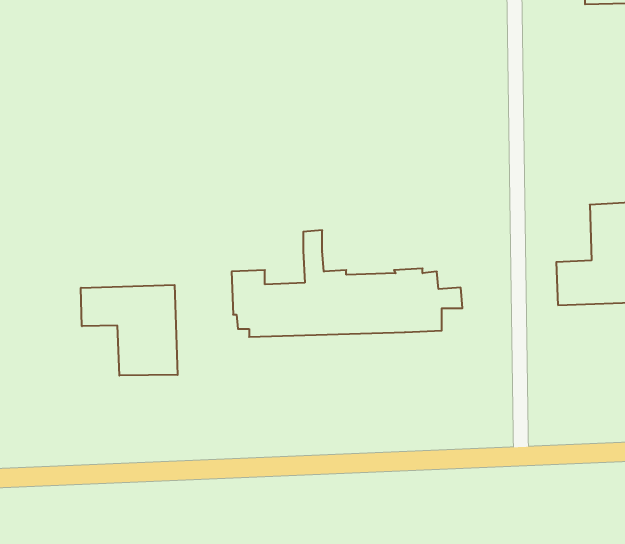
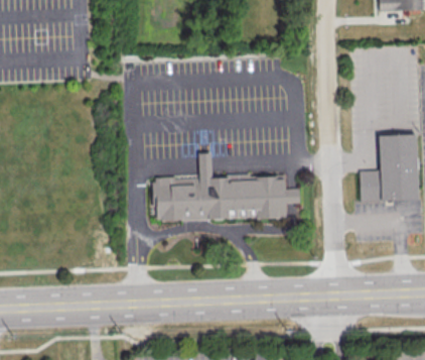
building: [81,285,178,376] -> none

